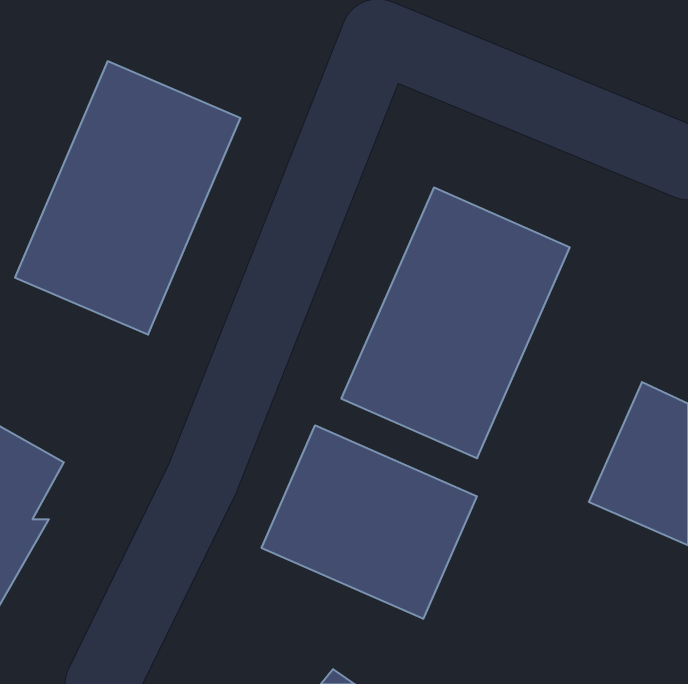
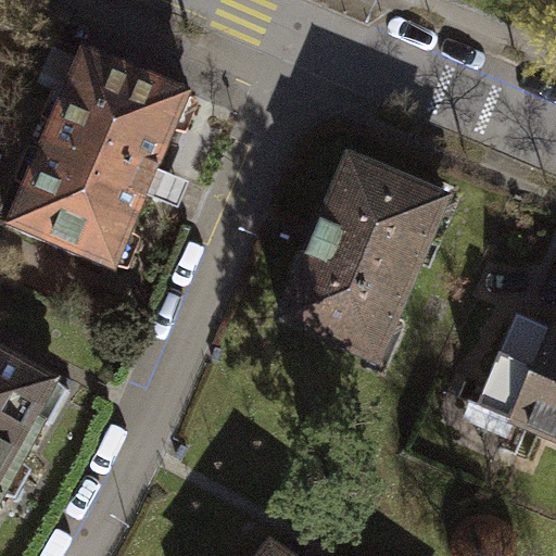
building: [262,425,477,619] -> none

